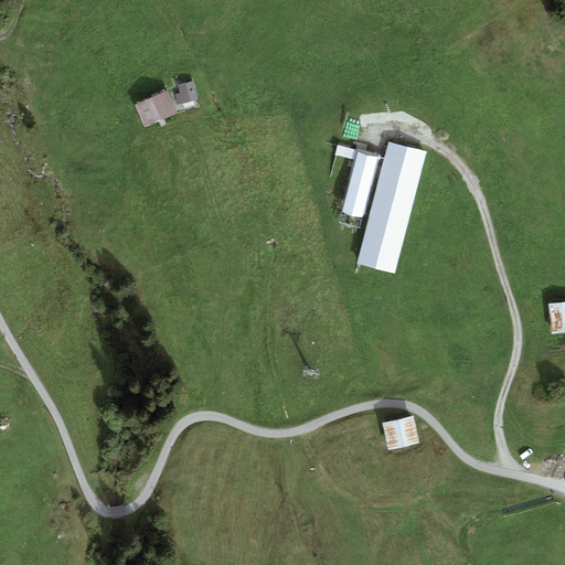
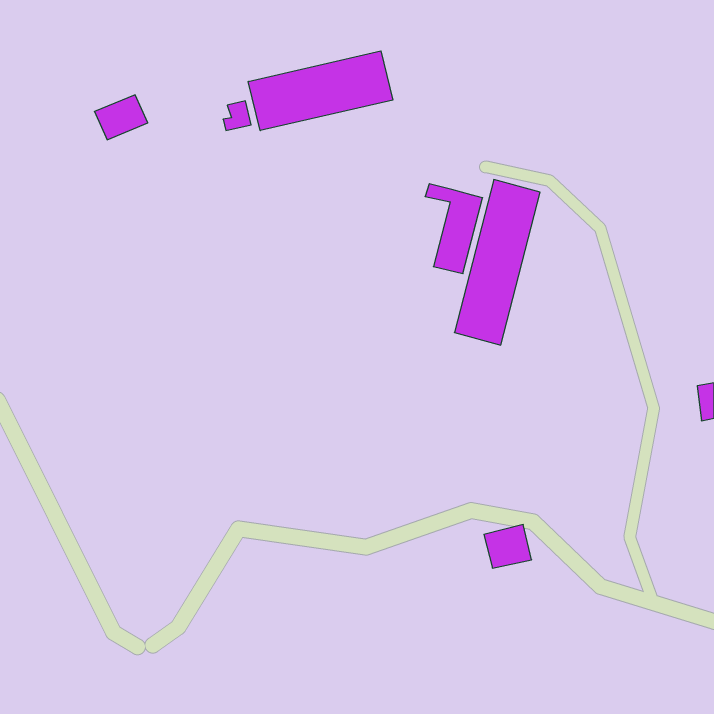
building: none -> [248,51,393,131]
building: [135,90,177,126] -> [94,95,148,140]

